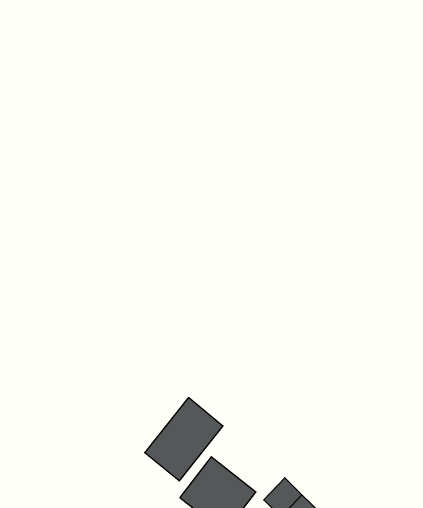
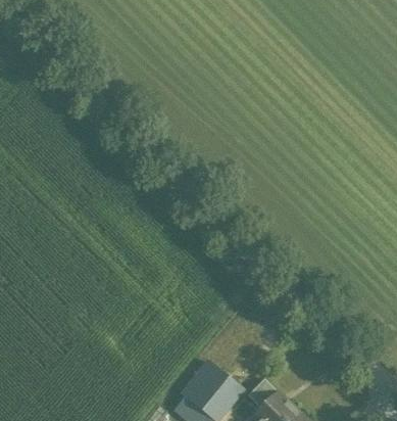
building: [145,398,223,481] -> none

